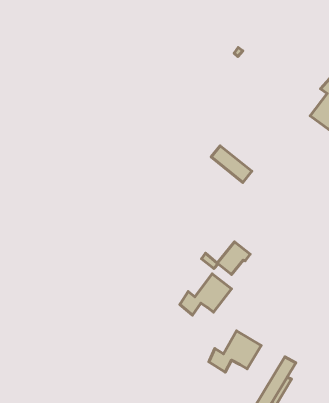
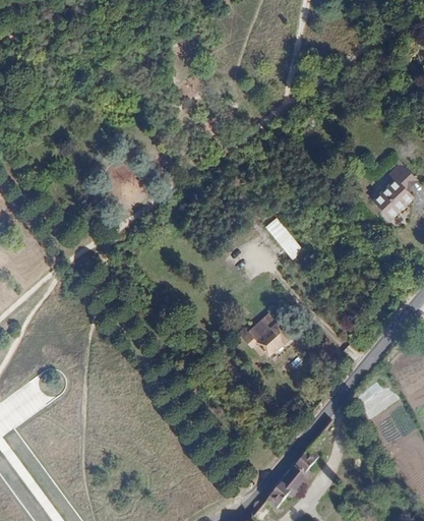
building: [180,274,232,315] -> none
building: [209,331,261,372] -> none

